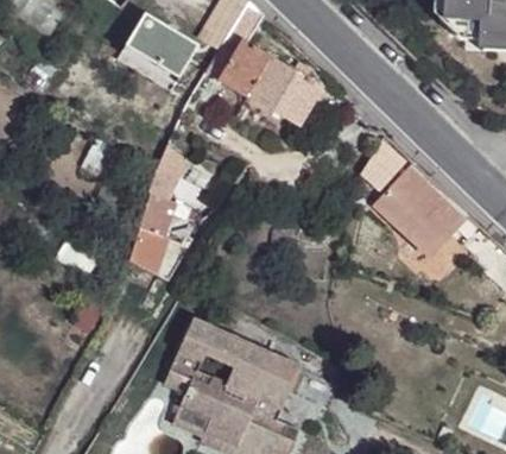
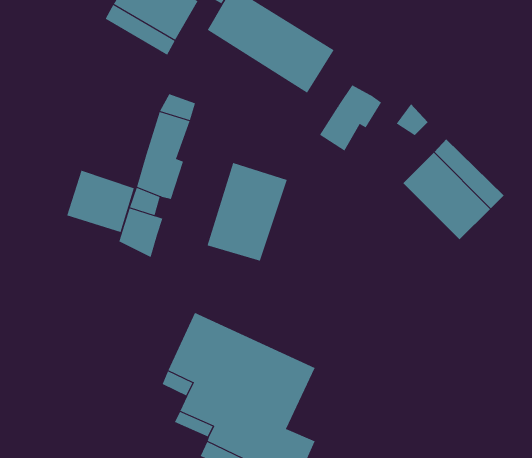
building: none -> [319,84,382,152]
building: none -> [207,162,287,262]
building: none -> [67,170,135,233]

